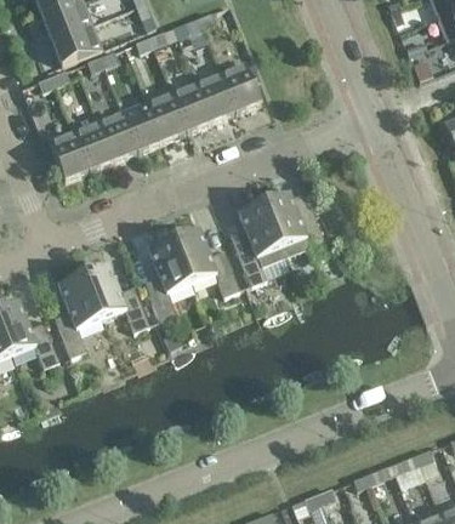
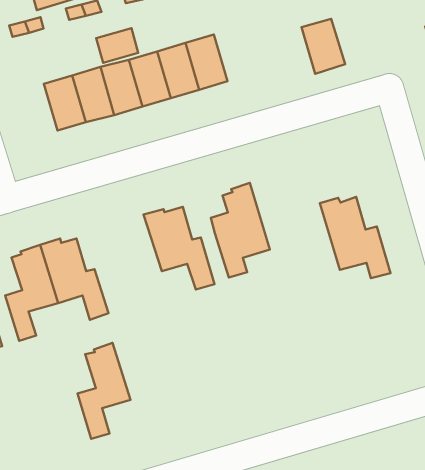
building: [218,63,260,113] -> [302,19,345,74]
building: none -> [96,28,138,63]
building: [47,130,89,181] -> none
building: [262,192,330,262] -> [320,197,390,278]
building: [144,237,192,323] -> [77,343,131,439]

